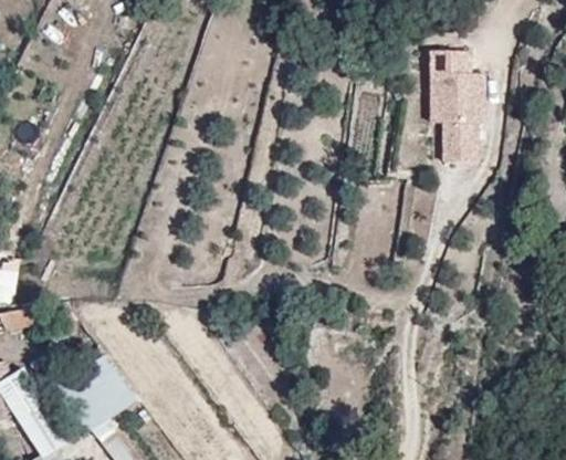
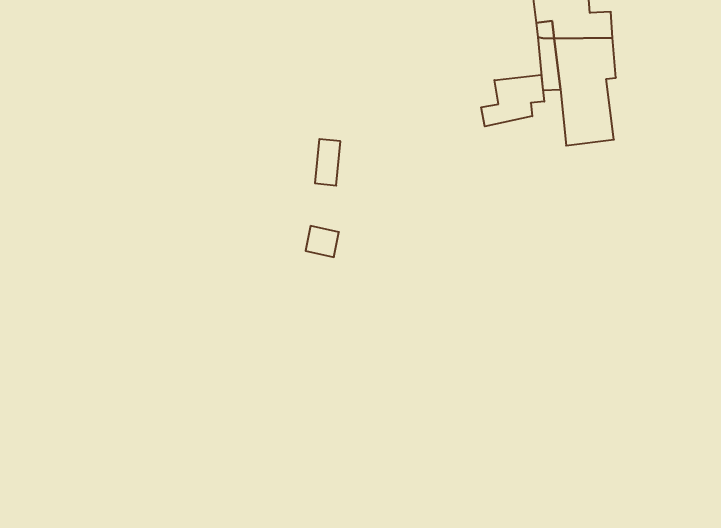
building: none -> [481,75,544,126]

